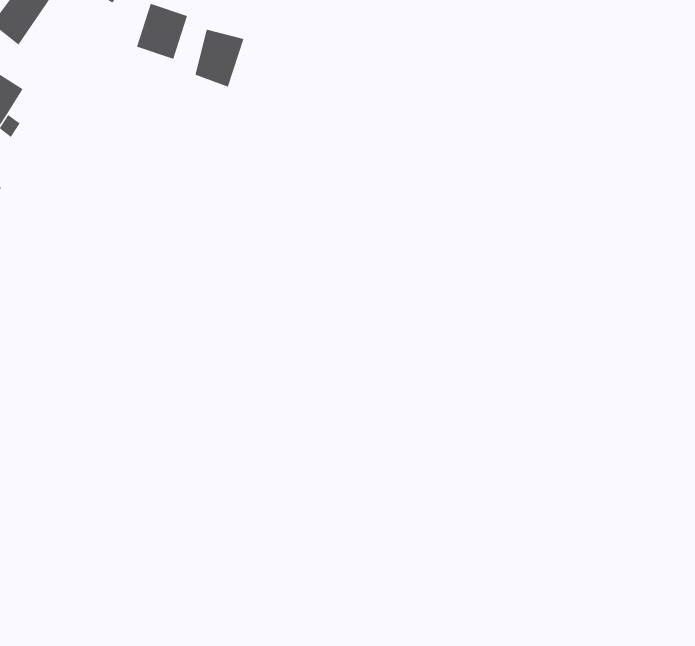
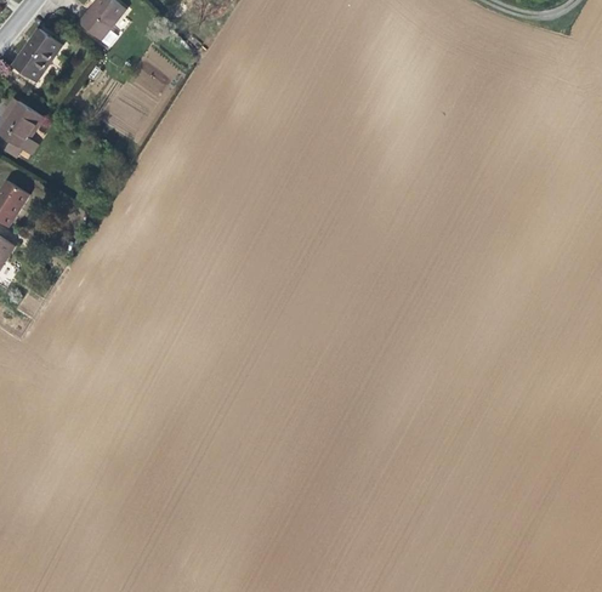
building: [195,29,244,87] -> none

